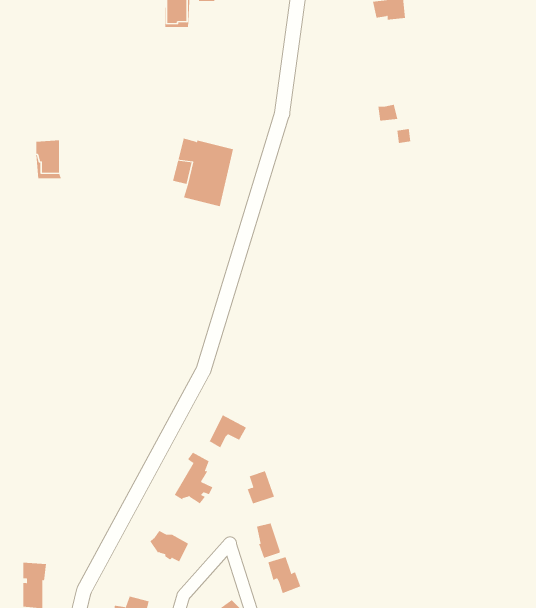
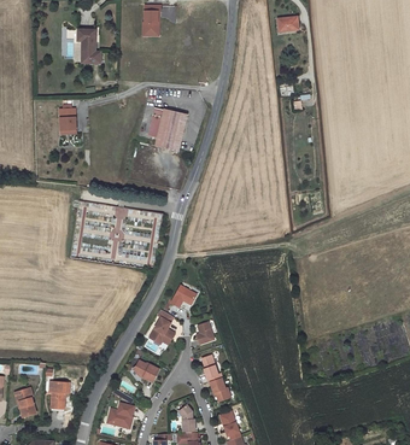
building: none -> [77,30,100,64]

